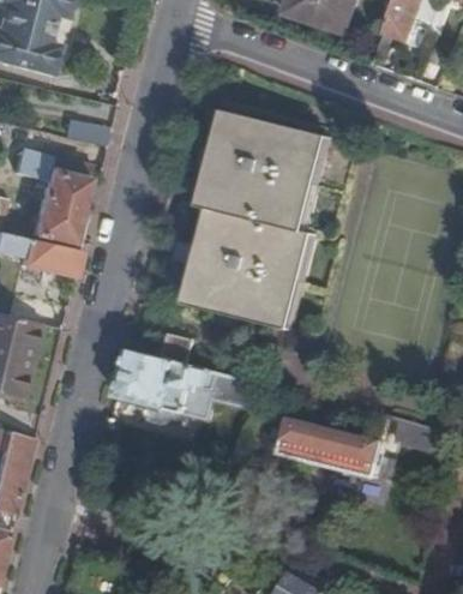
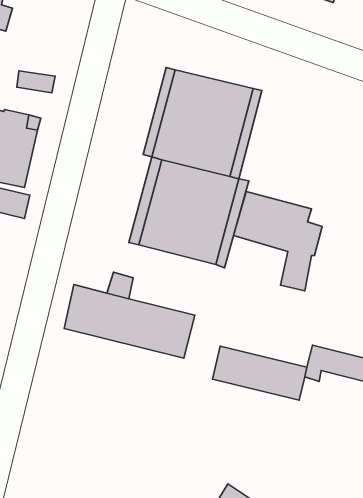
building: none -> [233,191,322,291]

